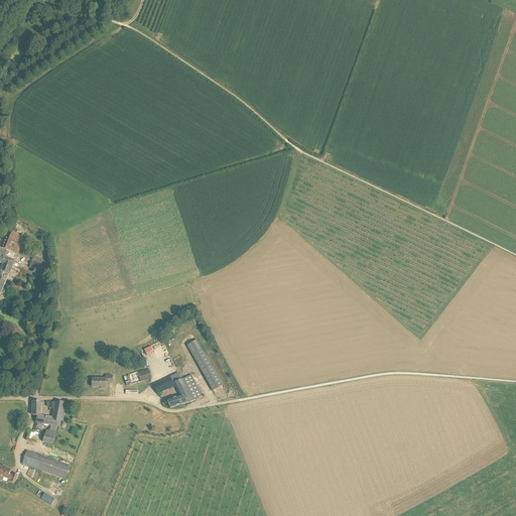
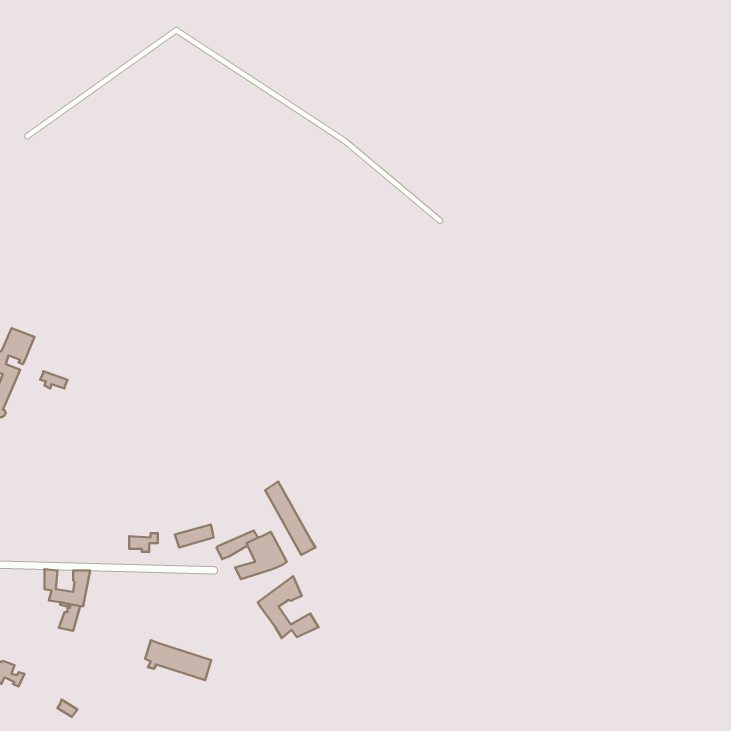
building: none -> [258,576,318,638]
building: [21,449,68,478] -> [145,640,211,680]

